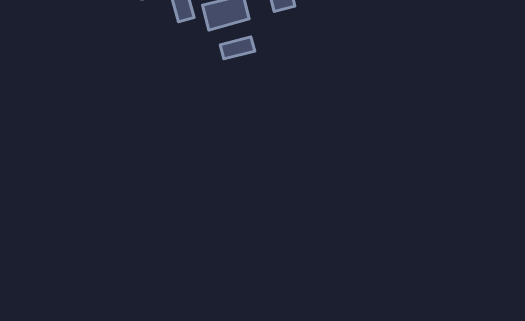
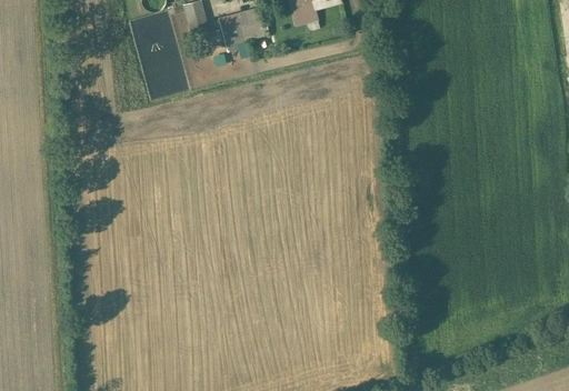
building: [220,37,255,59] -> none

